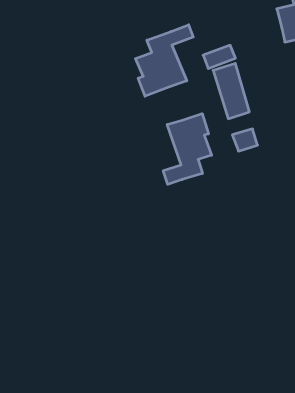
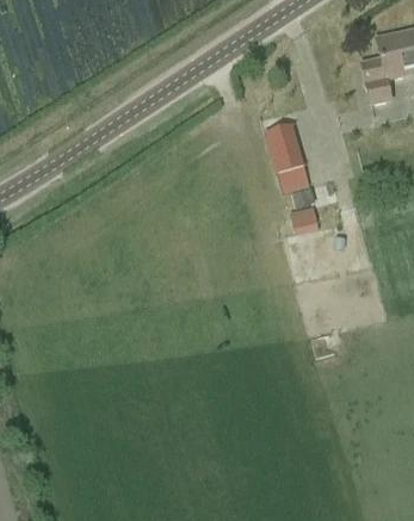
building: [135,25,193,96] -> none
building: [163,114,212,184] -> none

